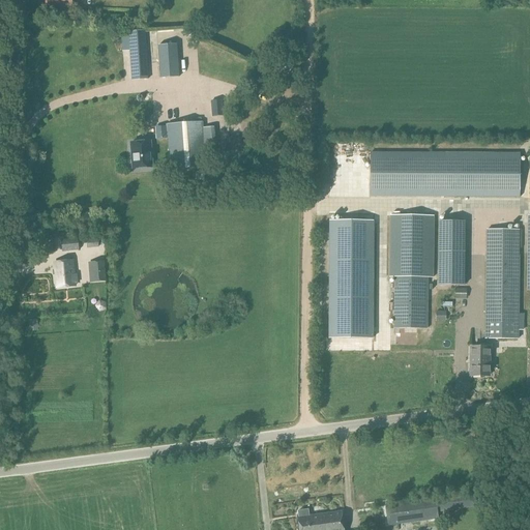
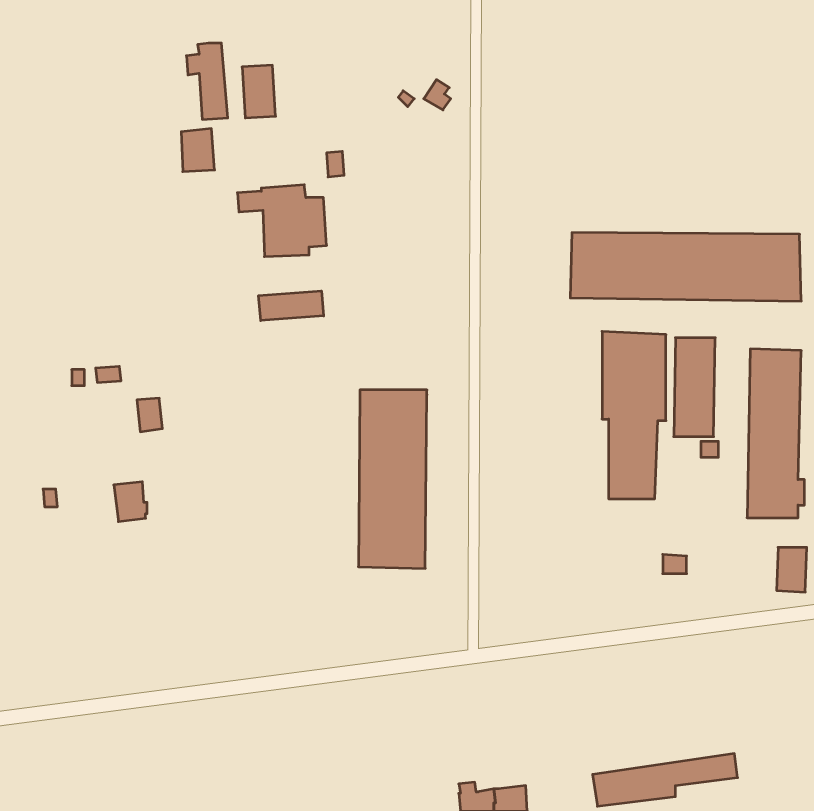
building: [131,137,153,165] -> [181,129,215,172]
building: none -> [259,291,324,321]
building: [327,219,372,335] -> [358,390,427,568]
building: [54,260,76,286] -> [114,482,147,522]
building: [470,346,490,375] -> [777,547,807,592]

